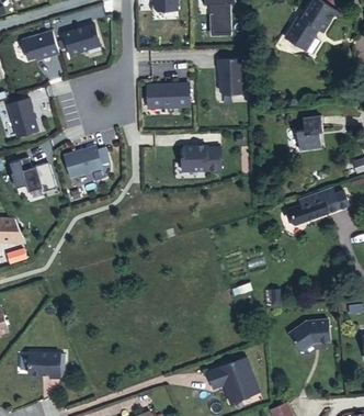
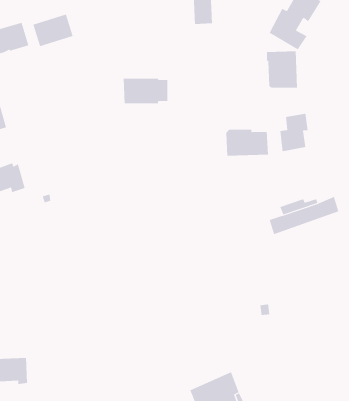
building: [217,58,247,93] -> [266,51,298,88]
building: [64,145,110,177] -> none
building: [181,145,221,170] -> [225,129,269,156]
building: [294,323,334,355] -> none

